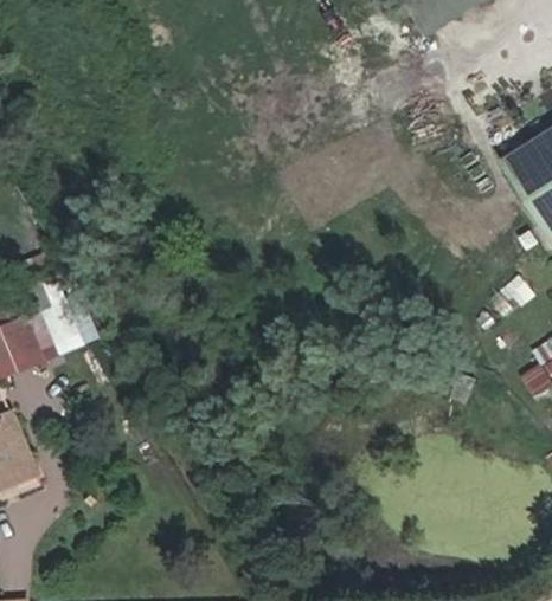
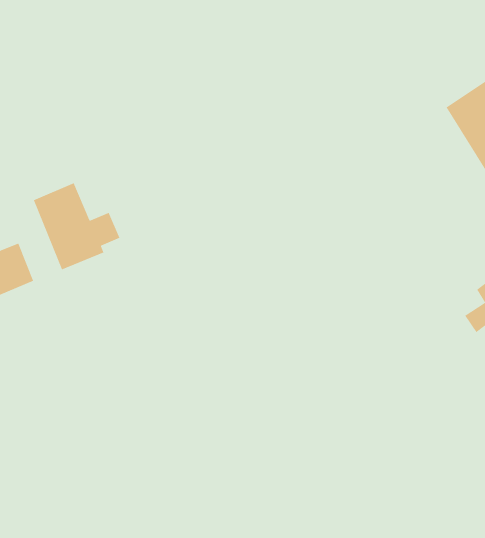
building: none -> [33,182,121,271]

